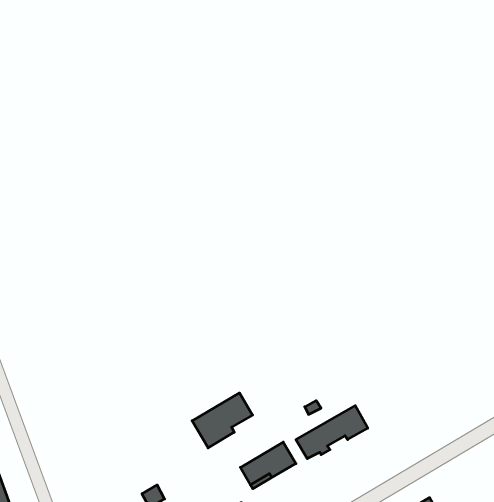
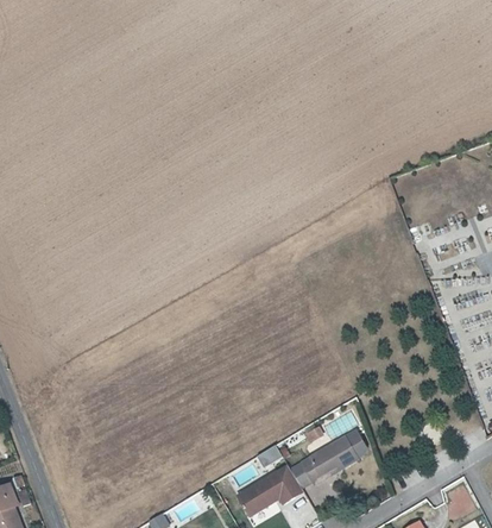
building: [192,393,253,448] -> none

